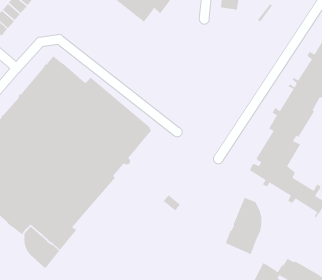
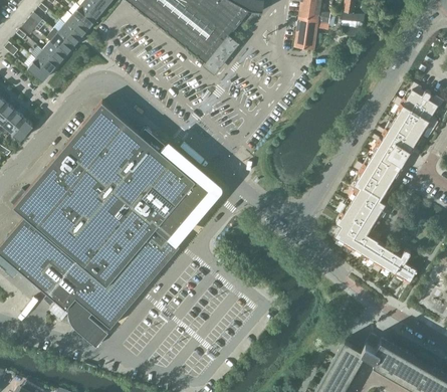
building: [225,197,262,255] -> none

